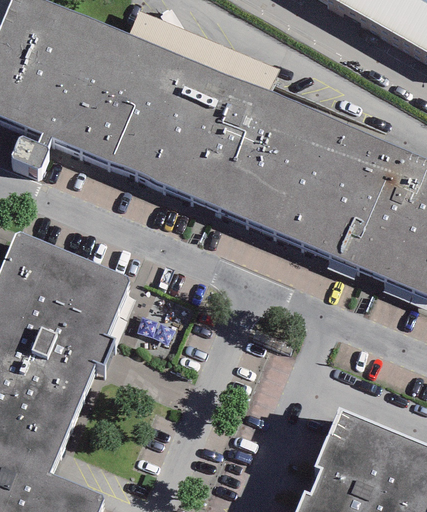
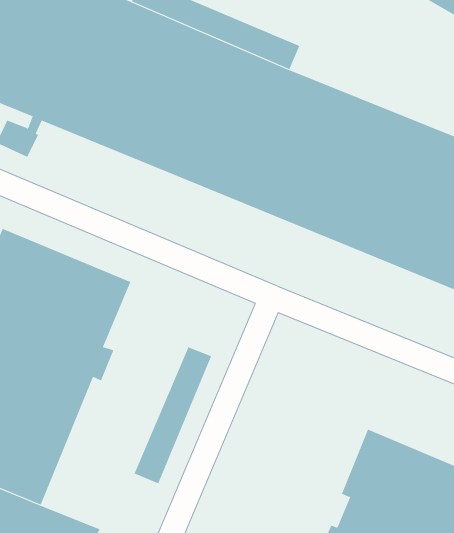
building: none -> [134,346,212,484]

